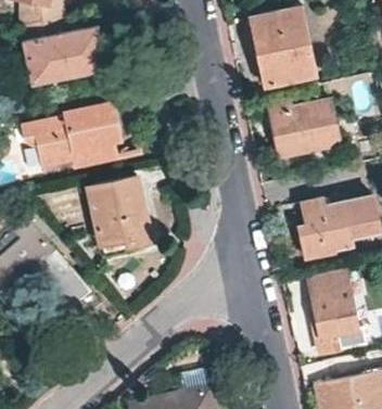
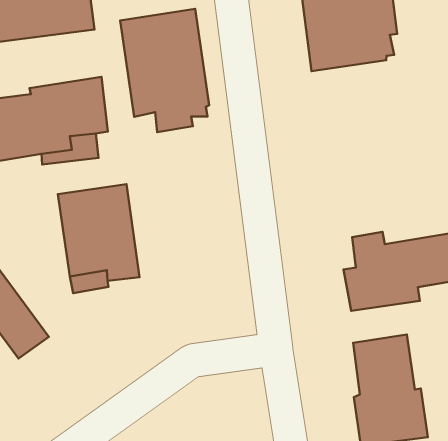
building: none -> [120,9,209,132]
building: [266,100,338,157] -> none

